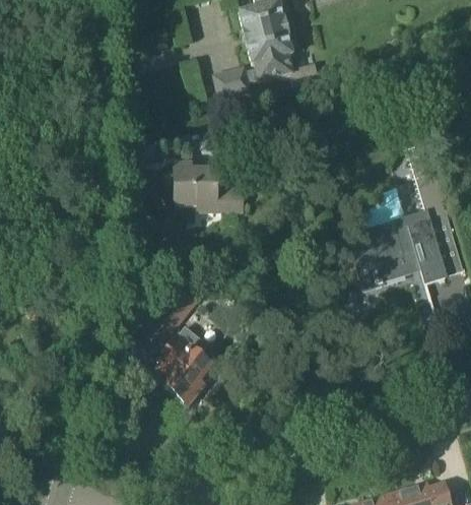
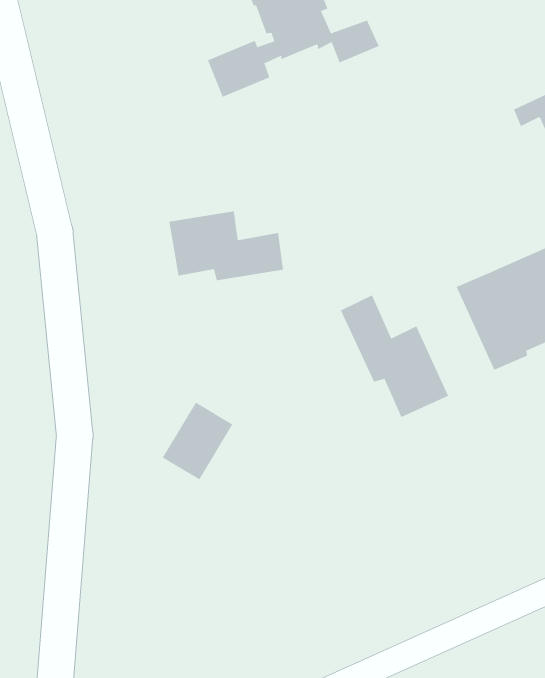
building: none -> [340,294,449,418]
building: [152,326,214,406] -> none

